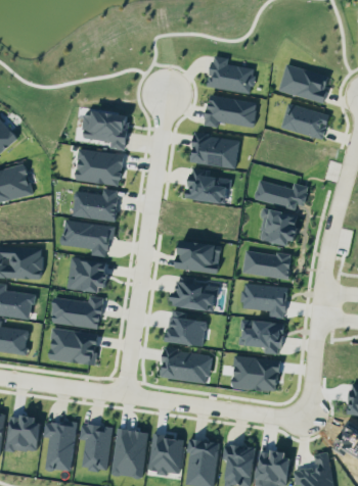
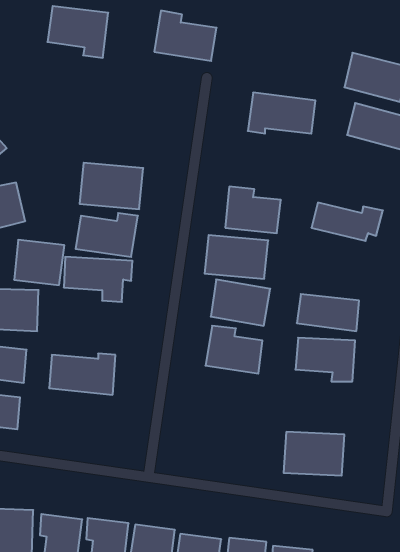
building: [207,56,255,95] -> [154,11,217,61]
building: [82,111,129,151] -> [47,6,108,58]
building: [190,135,239,168] -> [205,235,268,279]
building: [258,208,299,247] -> none
building: [68,258,106,293] -> [14,240,64,285]
building: [168,311,206,347] -> none
building: [240,321,282,354] -> none
building: [48,329,99,367] -> none
building: [161,349,212,384] -> none

